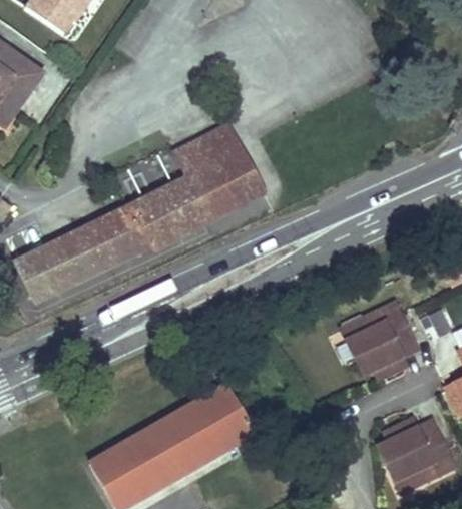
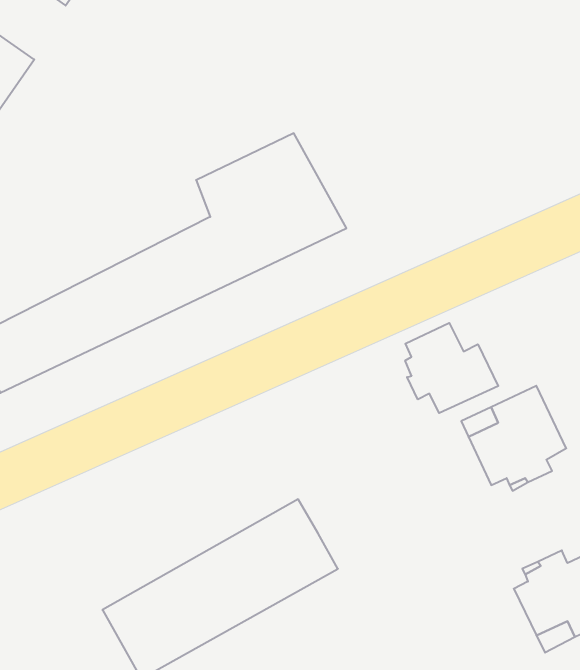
building: none -> [405,323,498,413]

